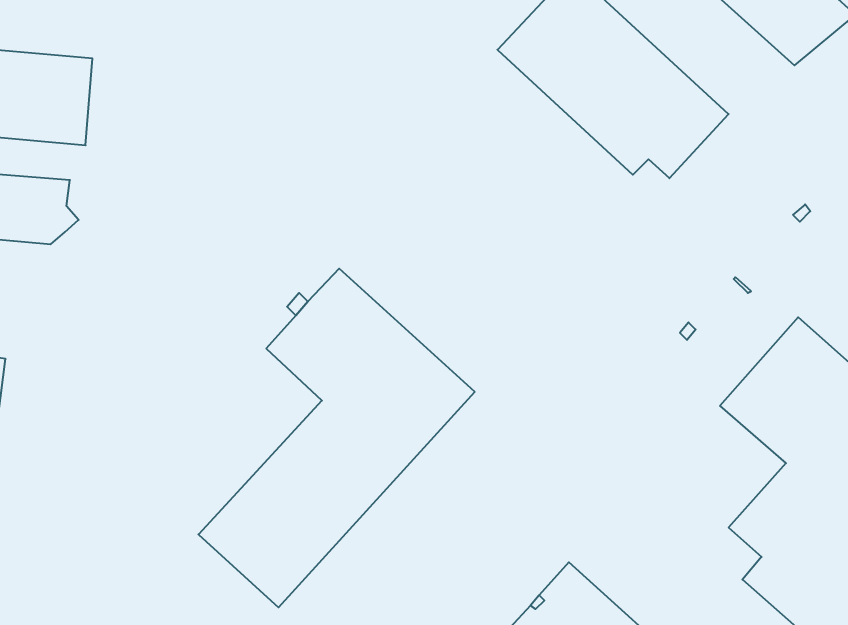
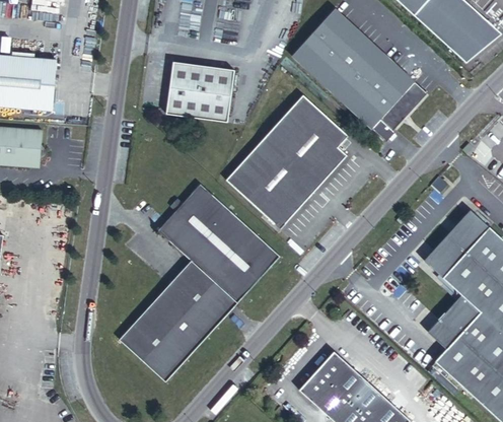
building: none -> [166,61,235,122]
building: none -> [225,93,348,227]

